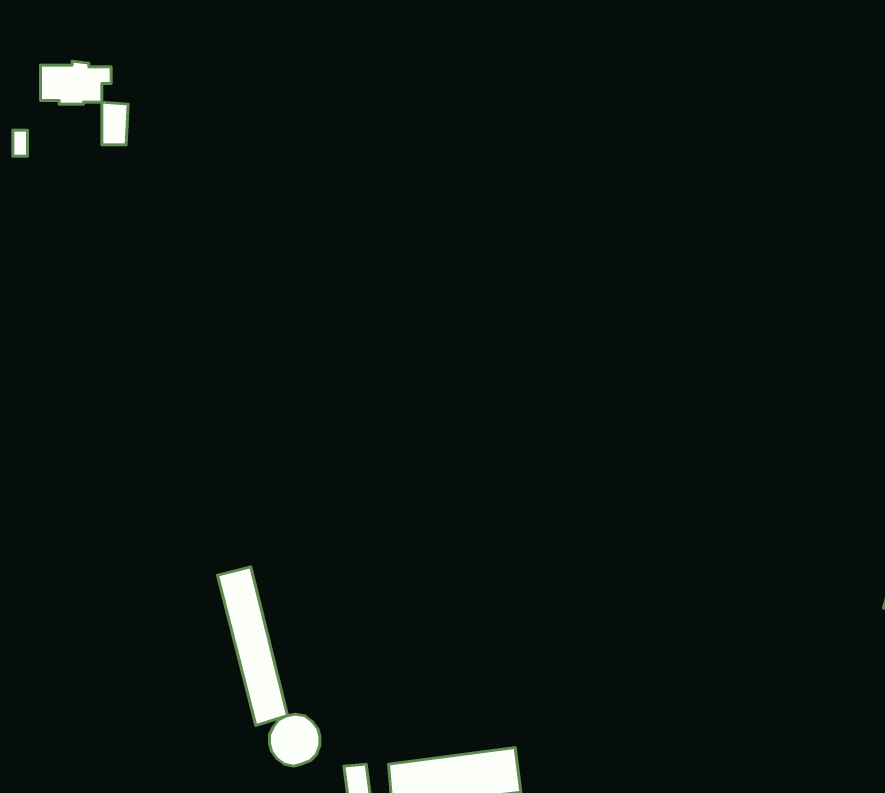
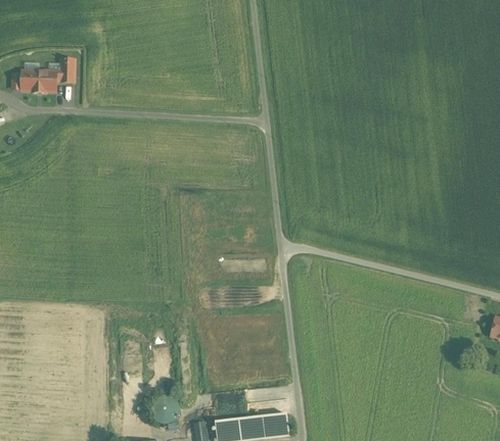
building: [41,61,111,104] -> [20,68,59,92]
building: [217,567,287,725] -> none

